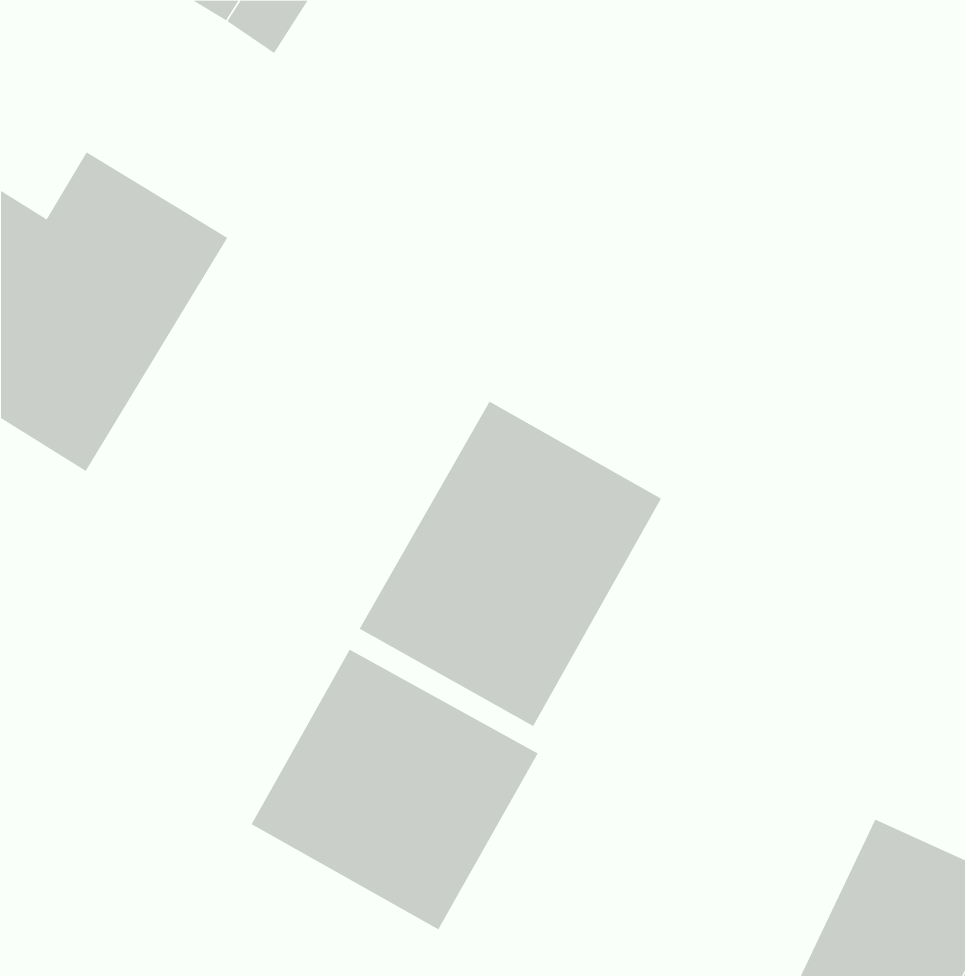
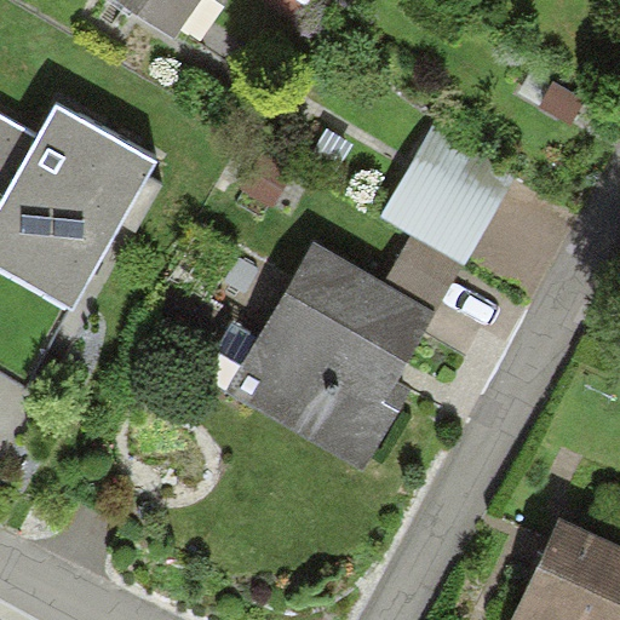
building: none -> [380,136,501,257]
building: [251,649,538,930] -> none

